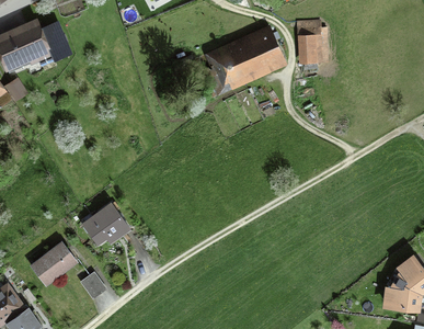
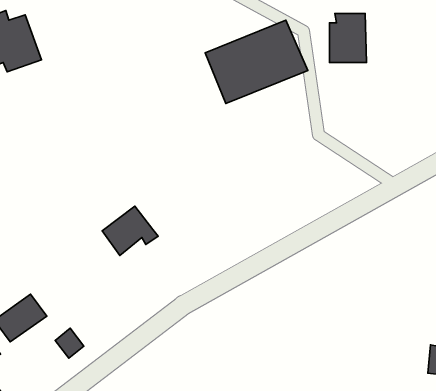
building: [83,211,128,250] -> [102,206,158,255]

